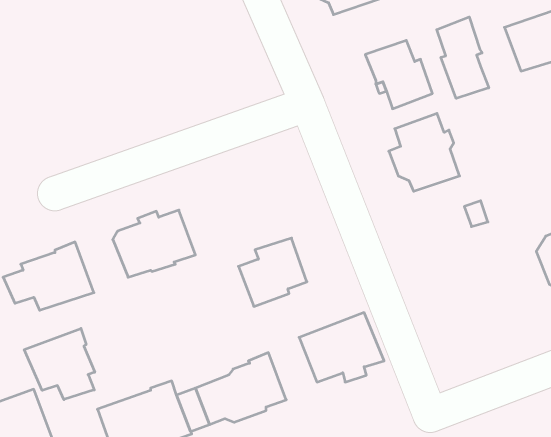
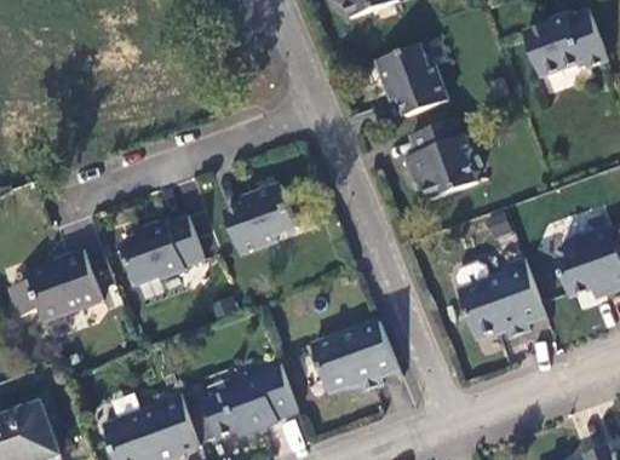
building: [437,17,489,98] -> none
building: [238,238,307,306] -> [225,183,295,253]
building: none -> [460,257,544,339]
building: [24,328,95,400] -> none

